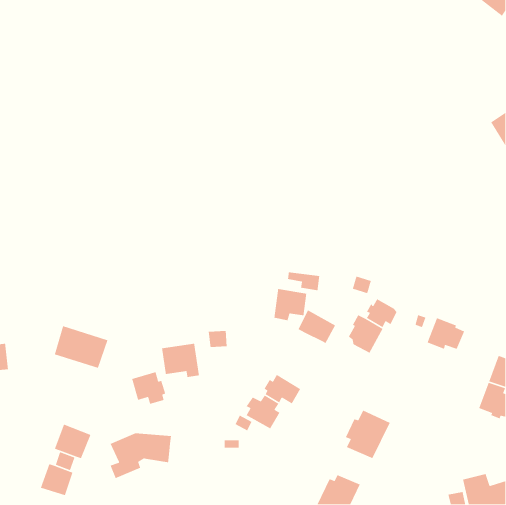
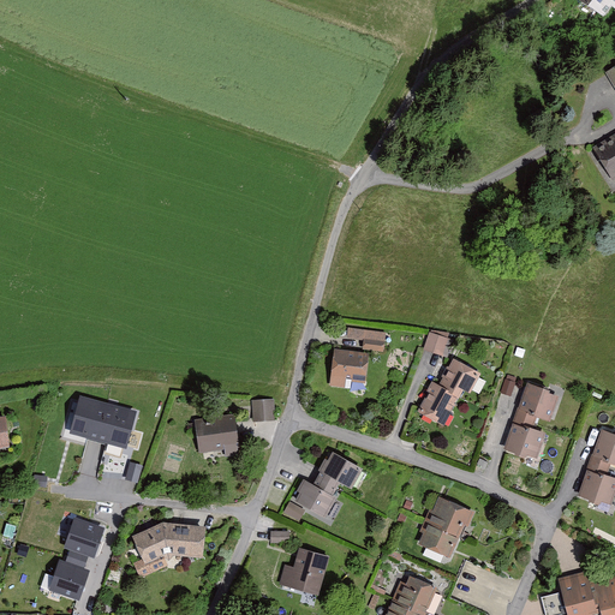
building: [298,309,336,344] -> none
building: none -> [503,414,549,461]
building: [131,371,166,405] -> none
building: none -> [280,548,333,595]

